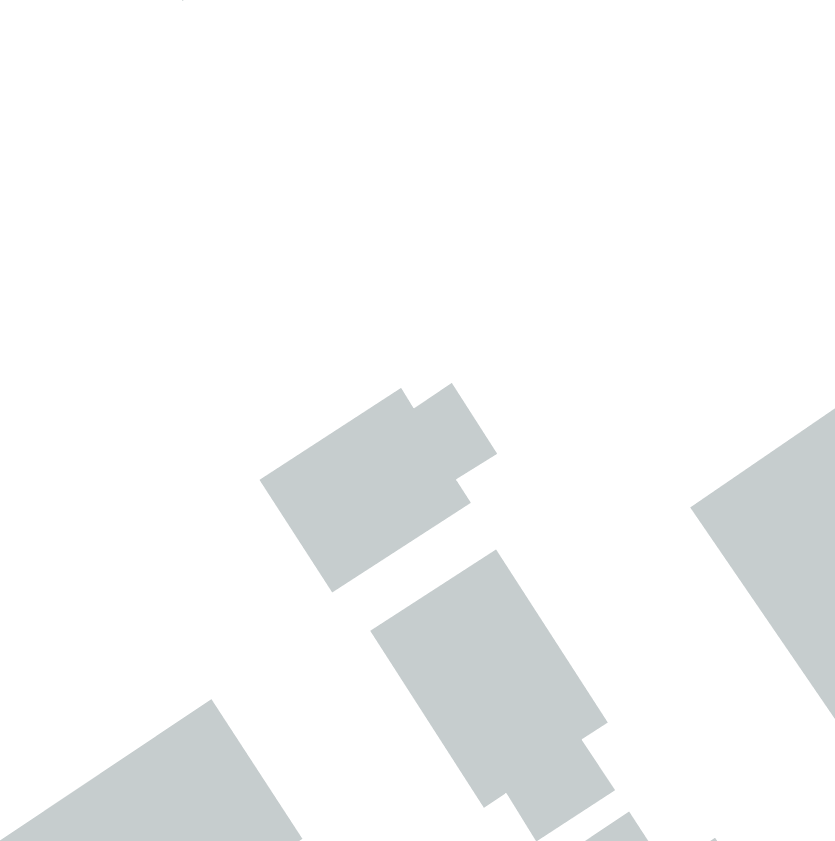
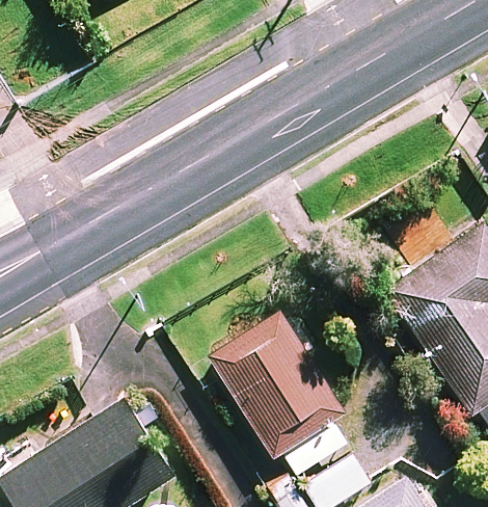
building: [259,382,498,593] -> none

